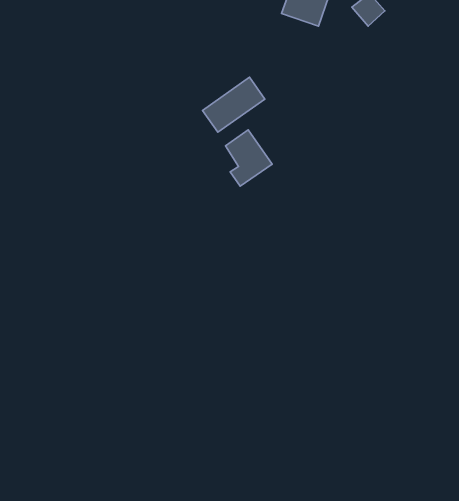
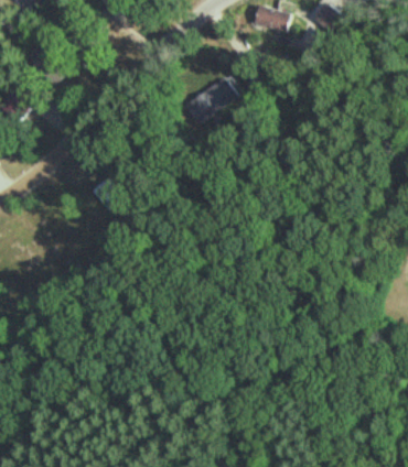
building: [226,130,272,186] -> none

